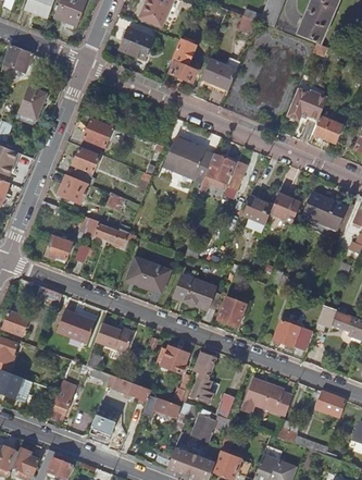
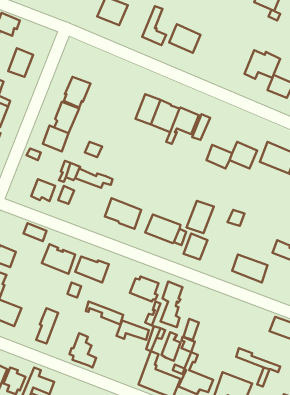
building: none -> [187,201,214,233]
building: [240,376,292,415] -> none

